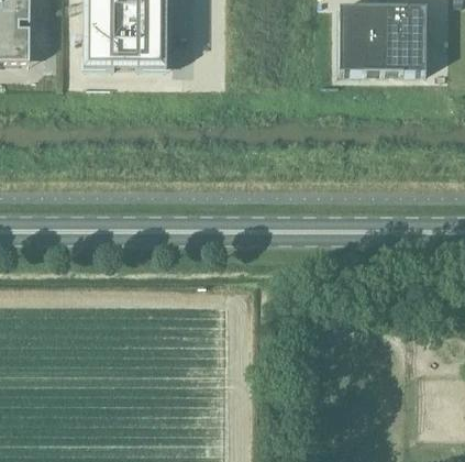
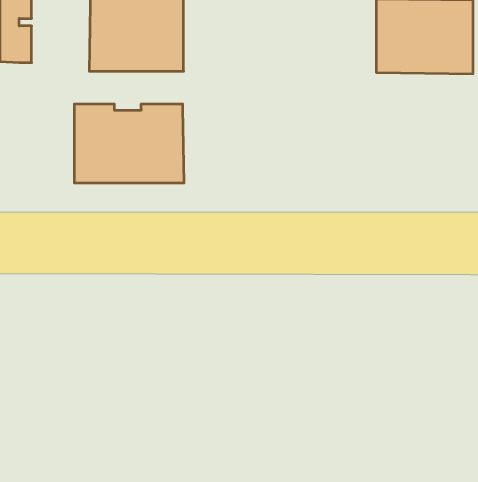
building: none -> [74,104,184,183]

